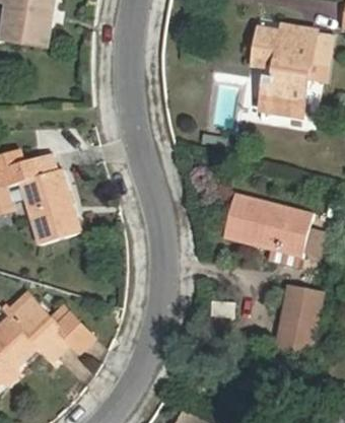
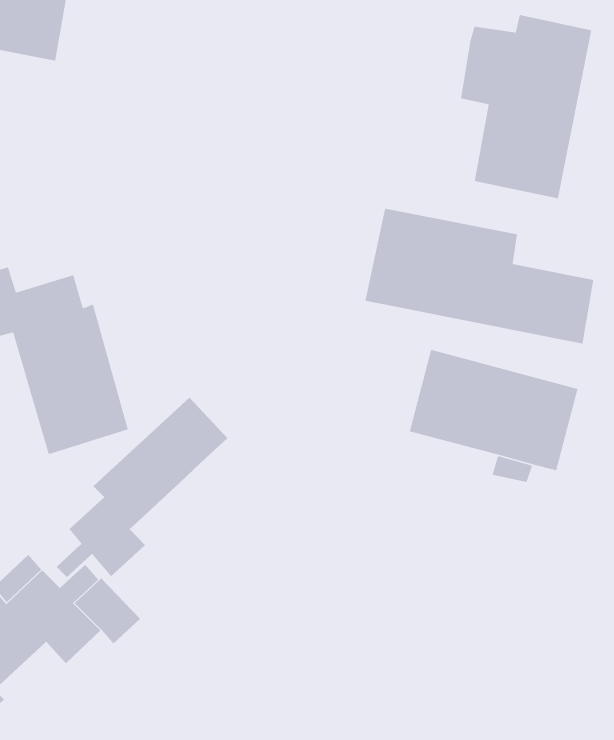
building: none -> [365,208,594,344]
building: none -> [56,397,228,578]
building: [280,288,323,352] -> none

